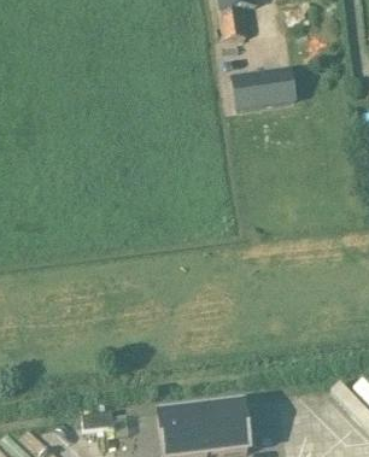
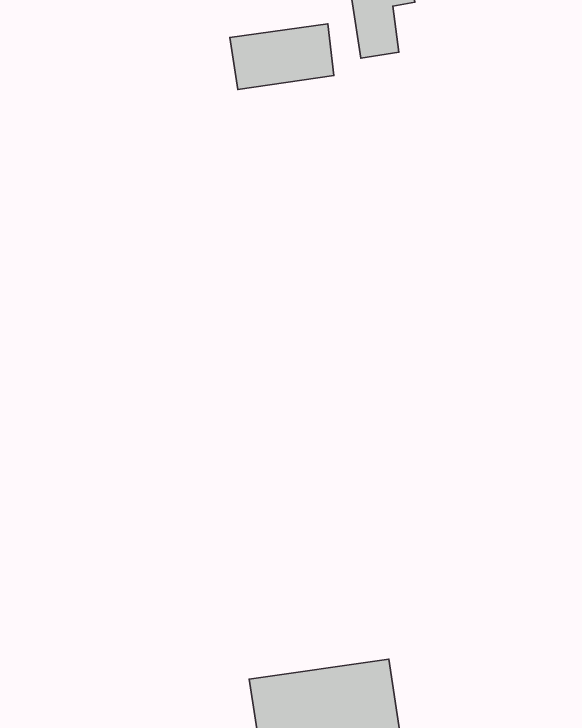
building: [230,69,293,109] -> [230,24,334,90]

